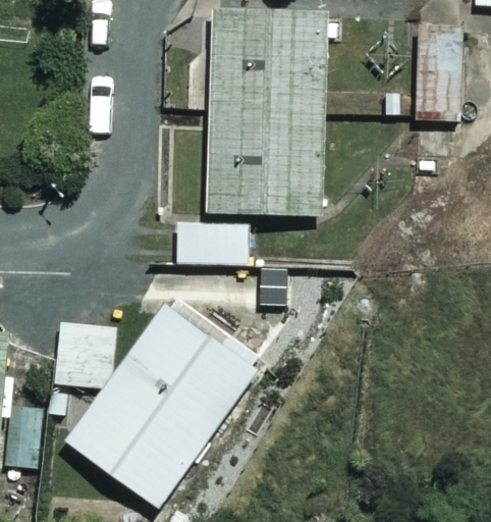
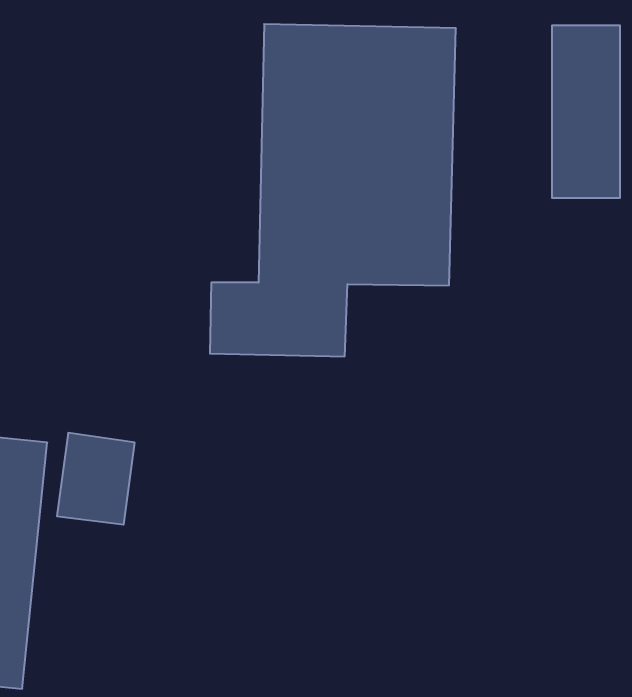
building: [65,305,255,507] -> none

